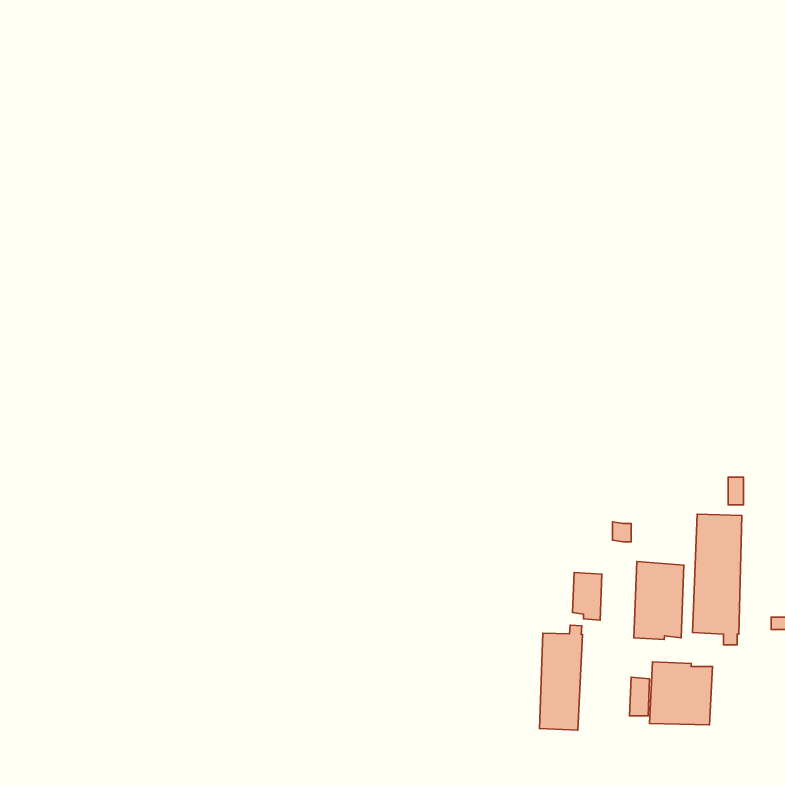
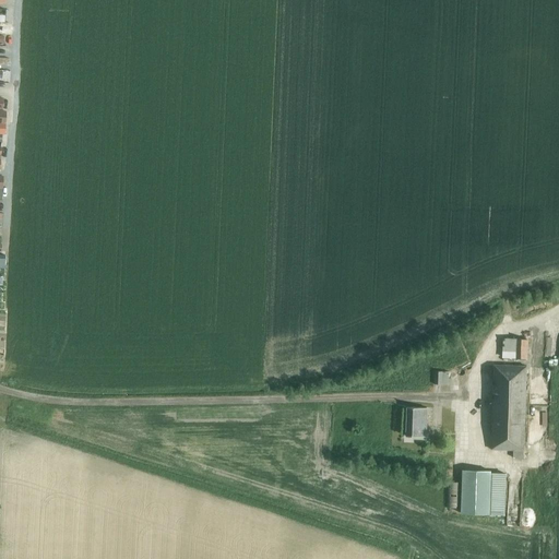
building: [634,562,684,640] -> none
building: [539,625,583,730] -> none

